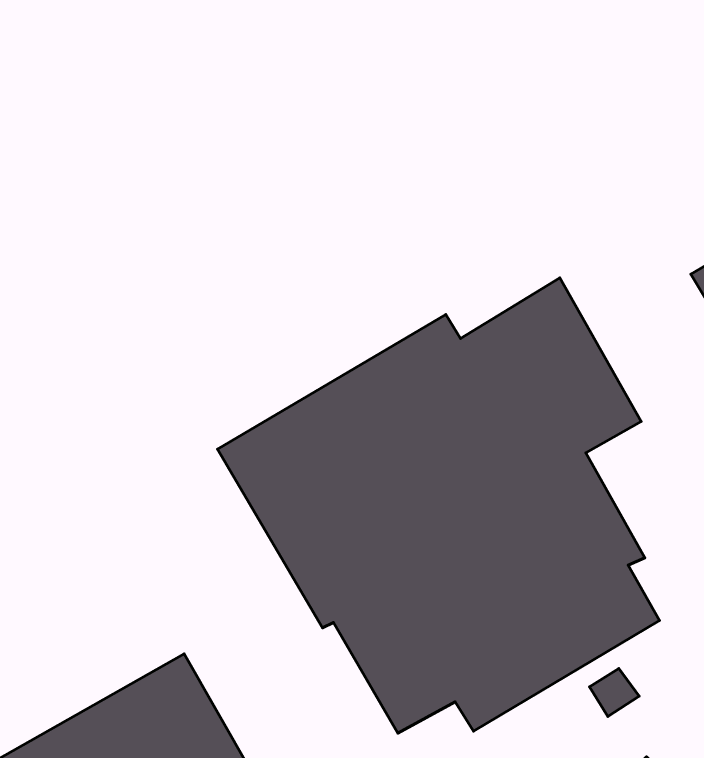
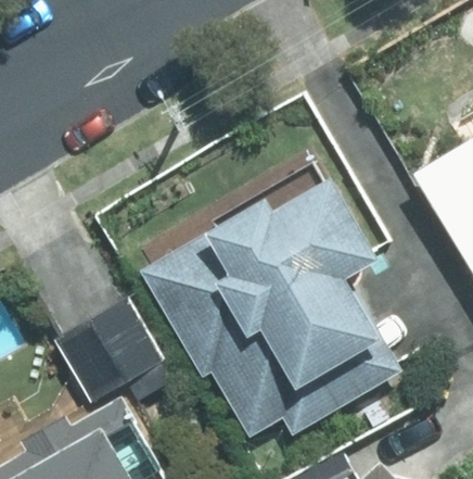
building: none -> [46,298,165,408]

